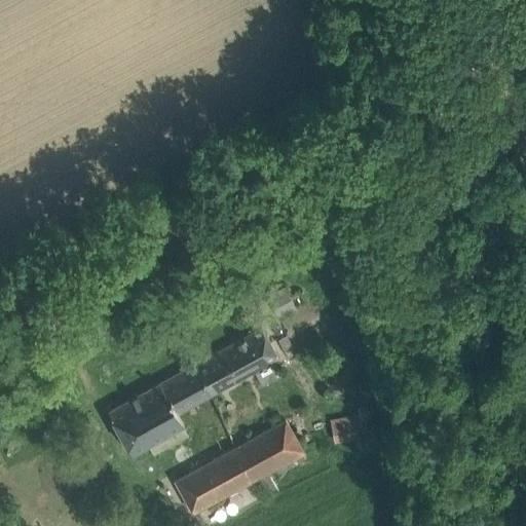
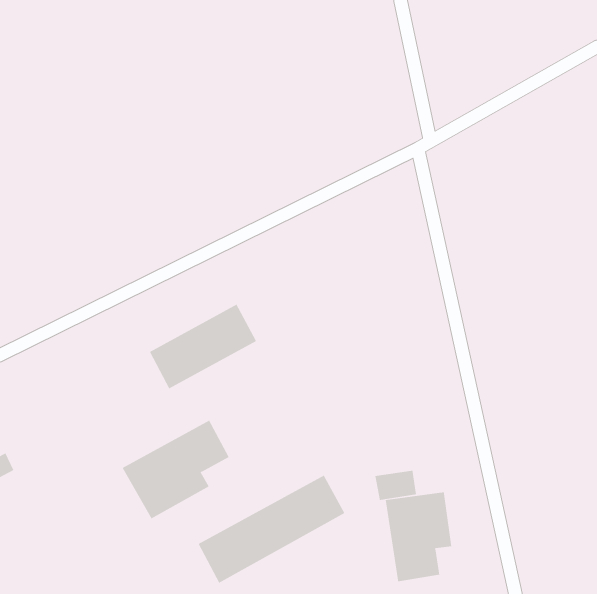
building: [184,330,278,405] -> [149,304,257,389]
building: none -> [385,491,452,582]

